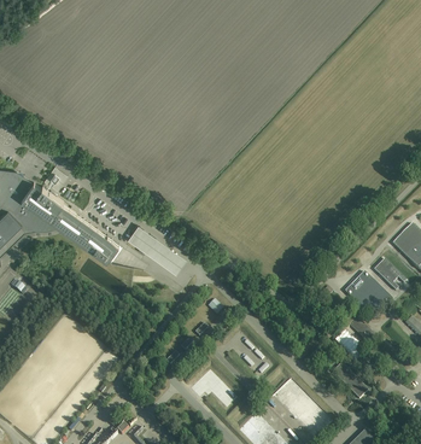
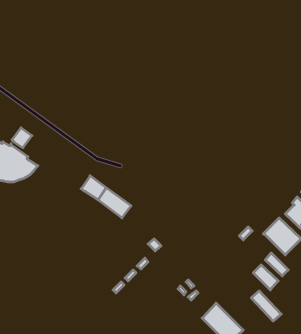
building: [59,210,118,259] -> none

